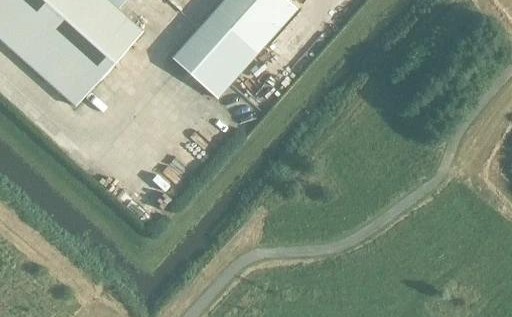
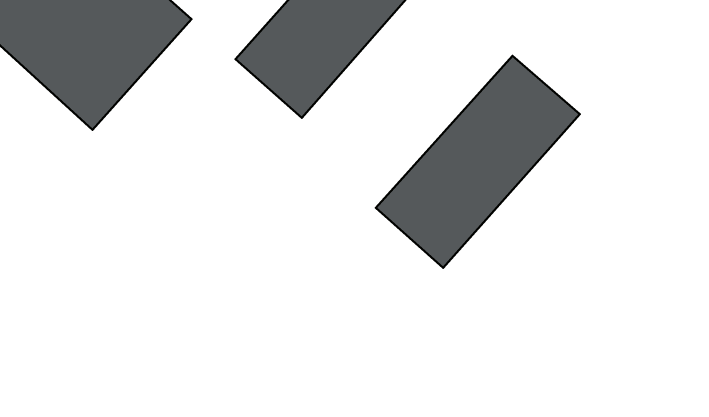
building: none -> [376,56,580,268]

